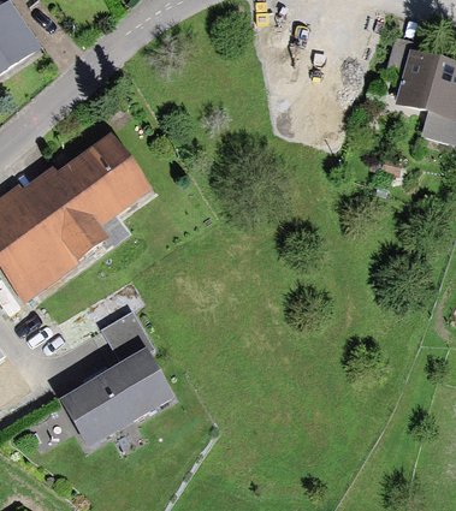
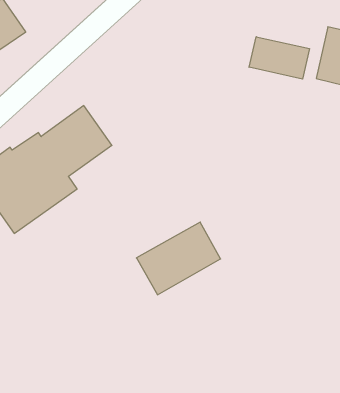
building: none -> [249,37,309,79]
building: [64,355,168,445] -> [136,222,221,295]

